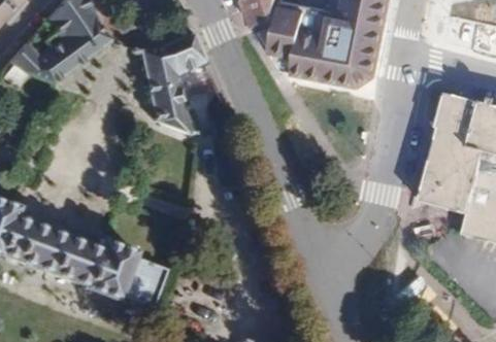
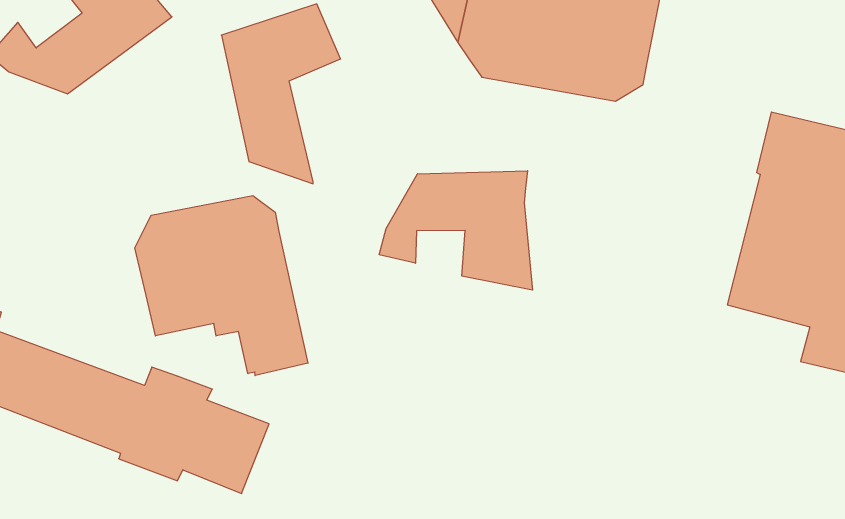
building: none -> [379,171,532,290]
building: none -> [135,196,308,376]

